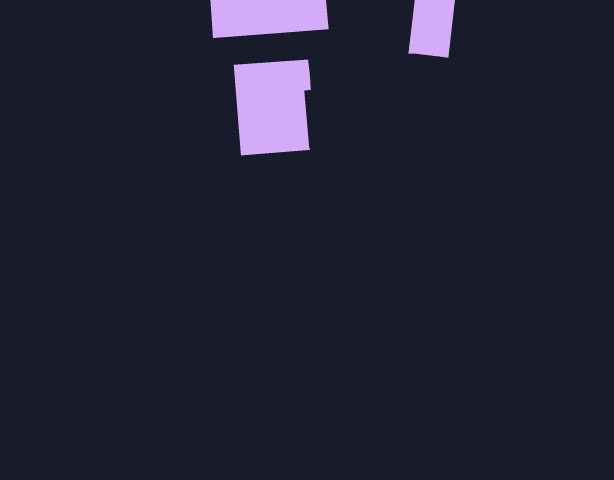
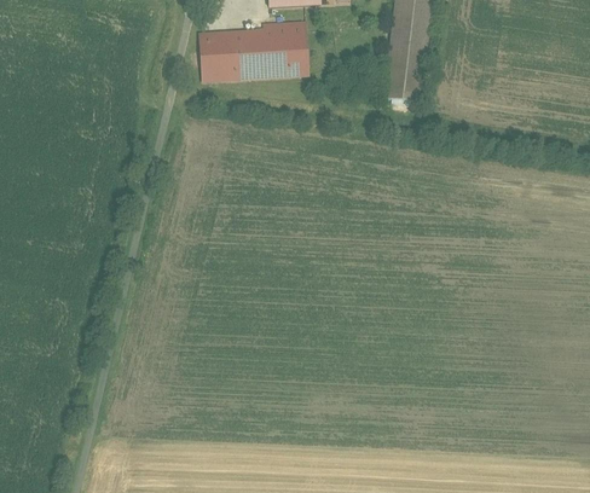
building: [233,59,312,156] -> none

